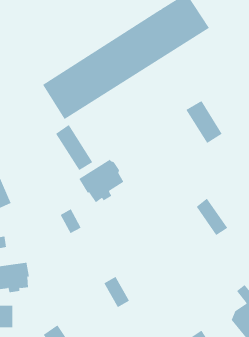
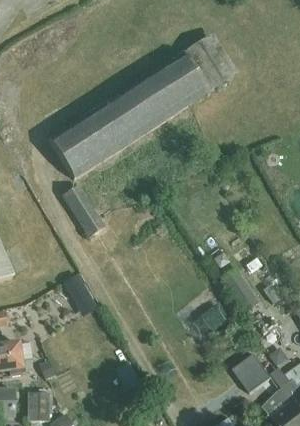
building: [185,100,222,144] -> none
building: [79,159,124,203] -> none
building: none -> [234,358,270,394]
building: none -> [27,390,50,419]

